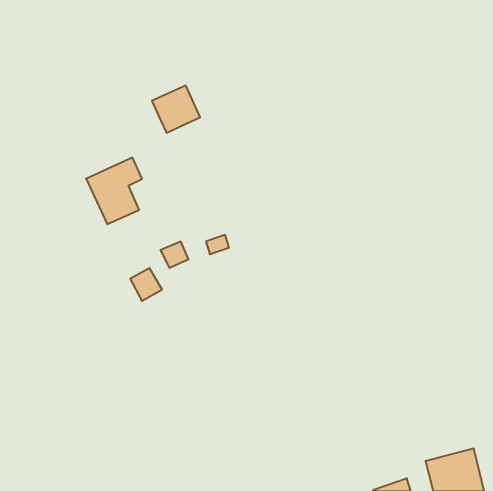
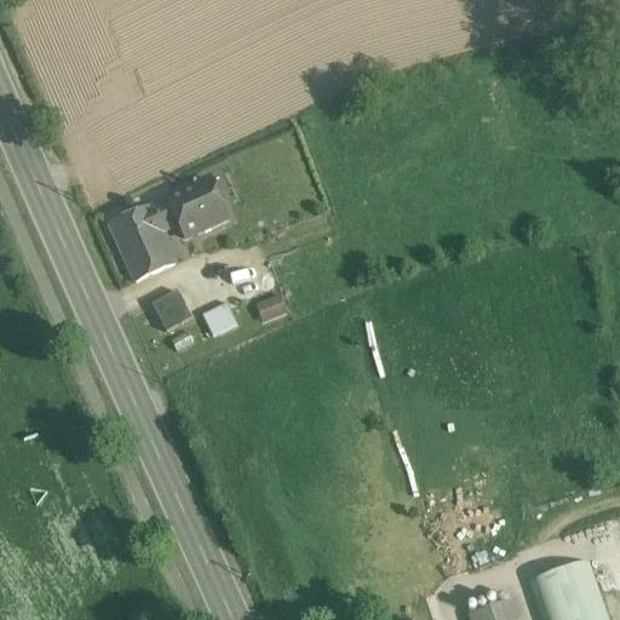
building: [152,85,200,133] -> [166,178,226,237]
building: [130,268,162,301] -> [151,291,191,332]

